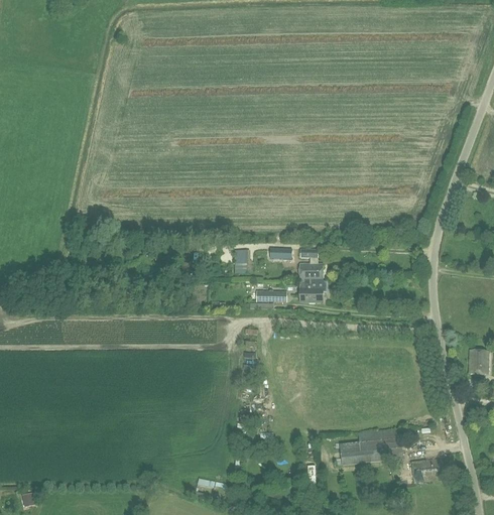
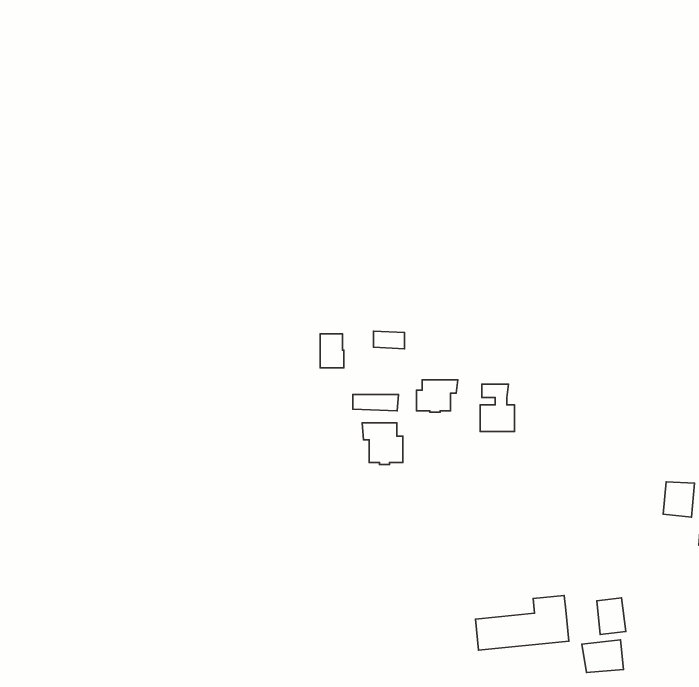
building: [298,248,322,280] -> [480,384,514,432]
building: none -> [362,423,403,464]
building: none -> [597,598,626,634]

